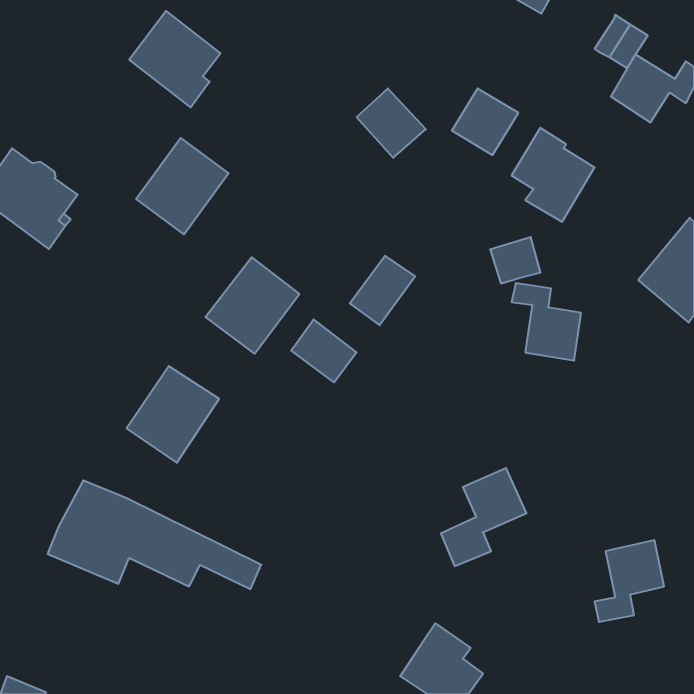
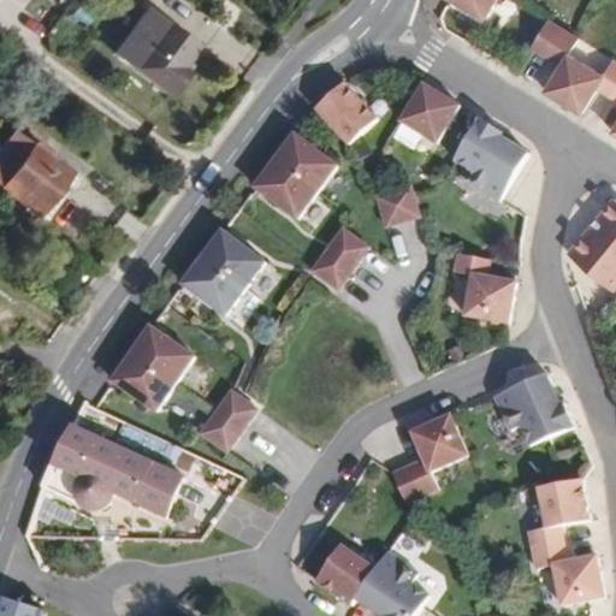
building: [136,138,229,234] -> [254,130,336,215]
building: [490,237,540,283] -> [374,182,419,223]
building: [291,319,357,382] -> none
building: none -> [492,371,573,449]
building: none -> [199,389,256,450]
building: none -> [314,544,373,605]
building: none -> [529,544,602,605]

